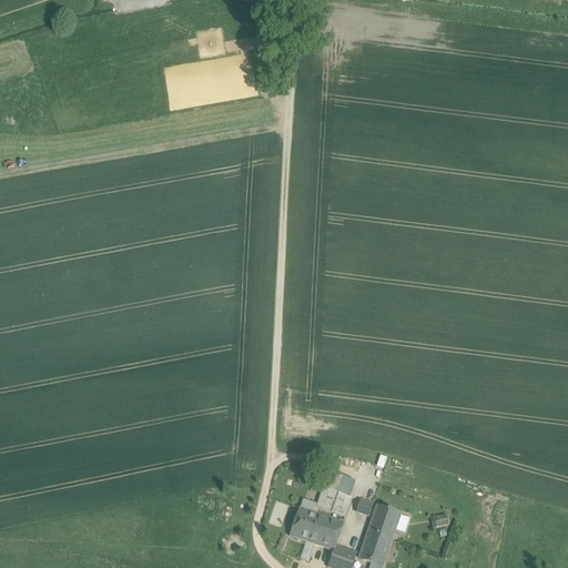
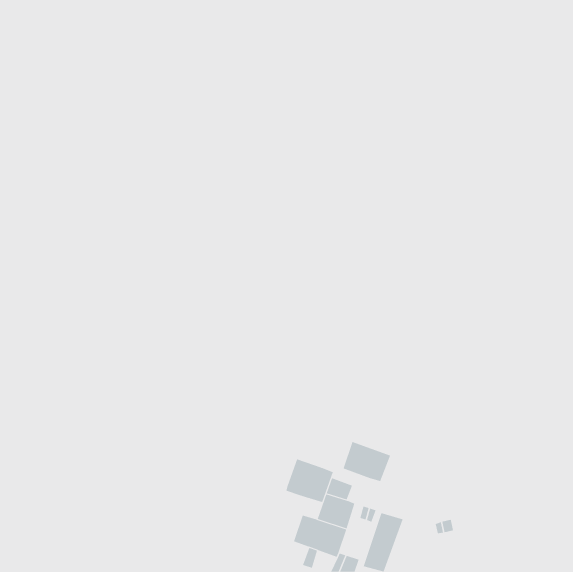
building: none -> [343,441,391,482]
building: none -> [286,458,333,503]

